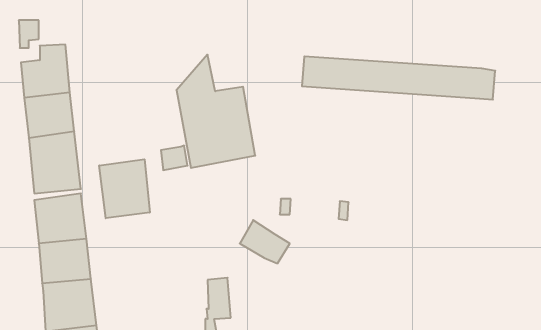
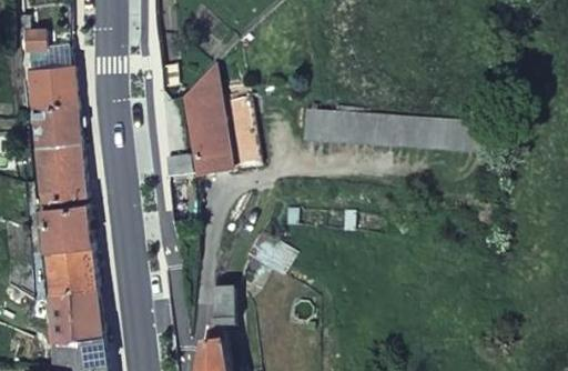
building: [302,56,495,100] -> [302,107,495,150]
building: [99,159,150,218] -> none

